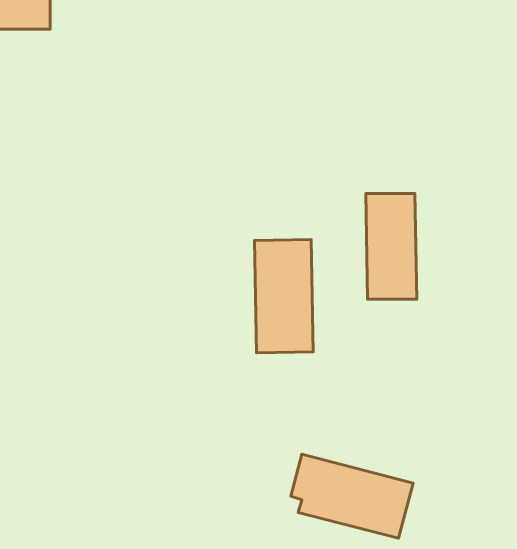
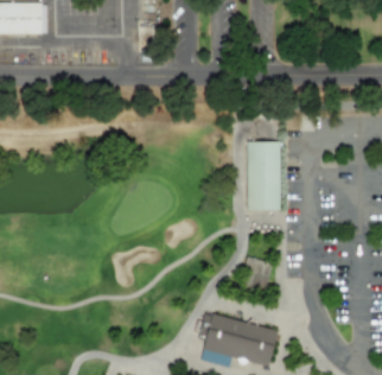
building: [254,239,313,353] -> none

